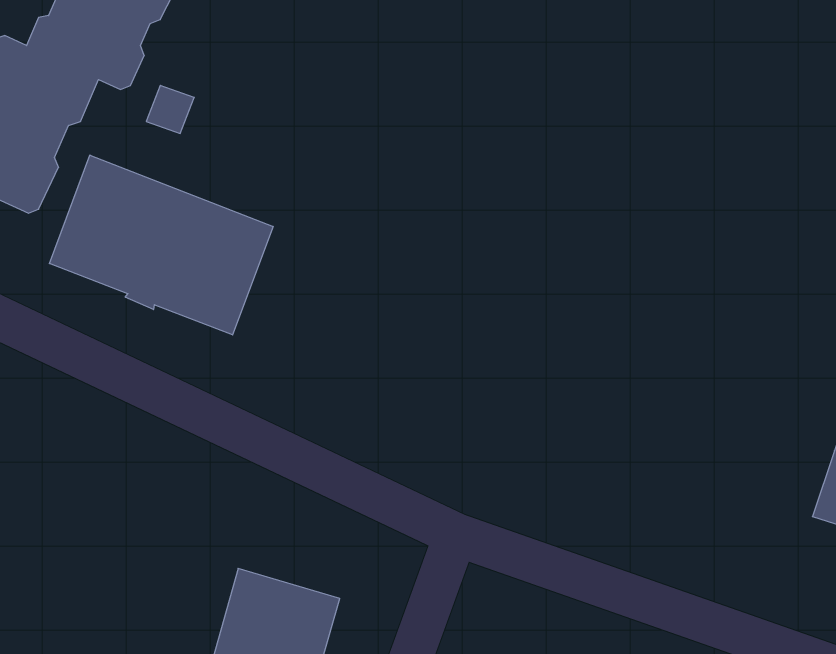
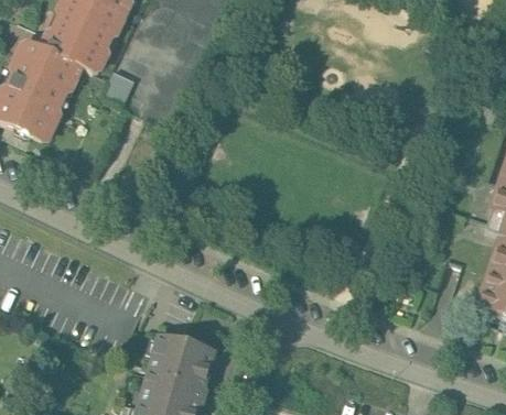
building: [49,155,273,335] -> none

